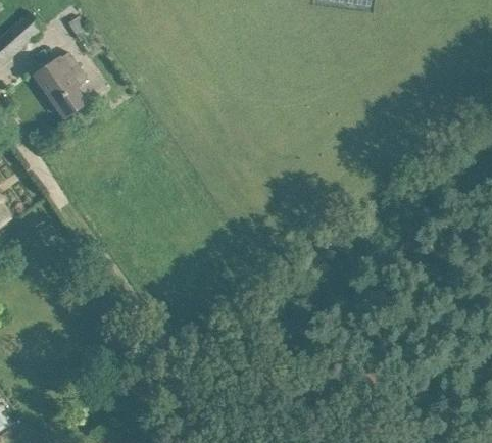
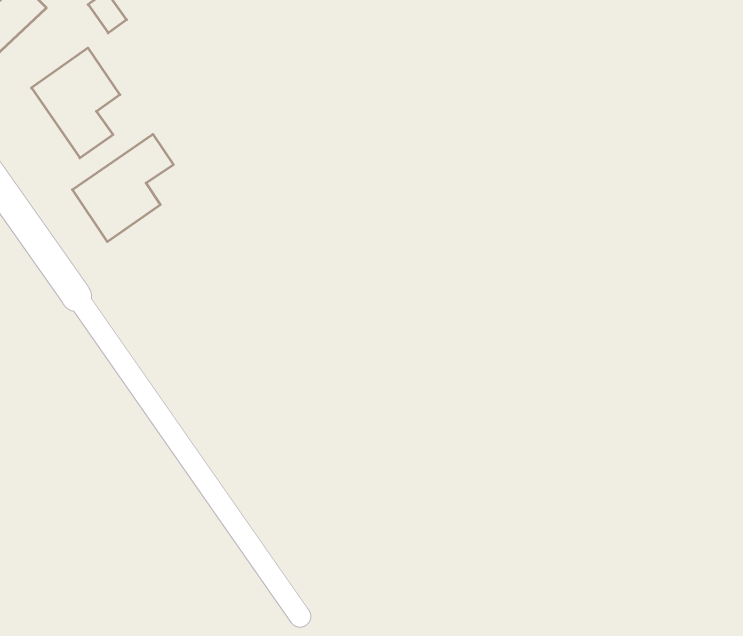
building: none -> [72,134,173,242]

